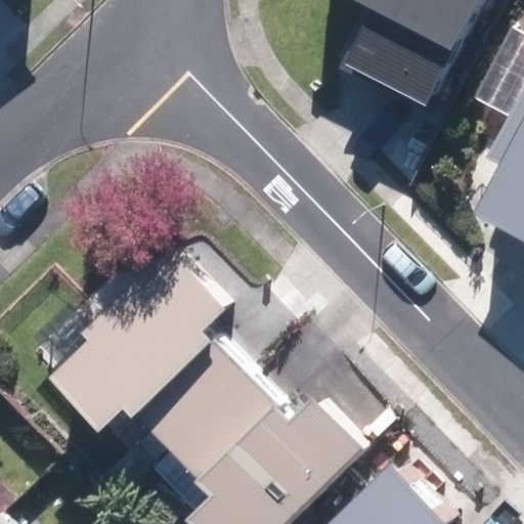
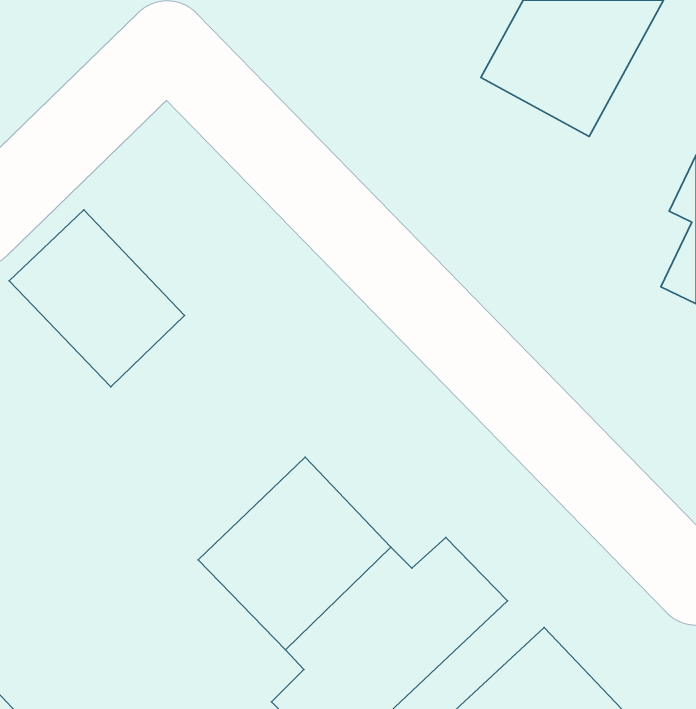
building: none -> [9,210,184,387]
building: [58,255,234,429] -> none

